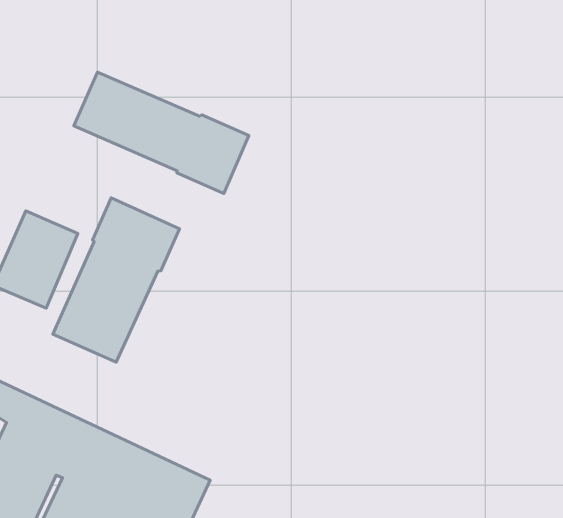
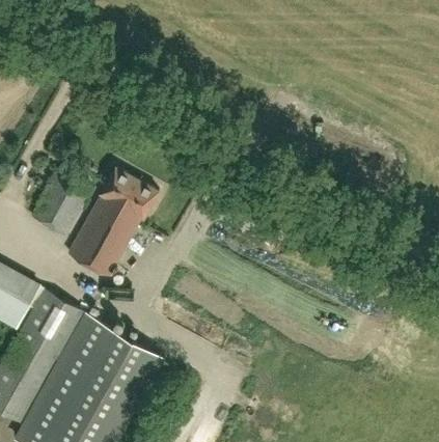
building: [74,72,249,194] -> none

